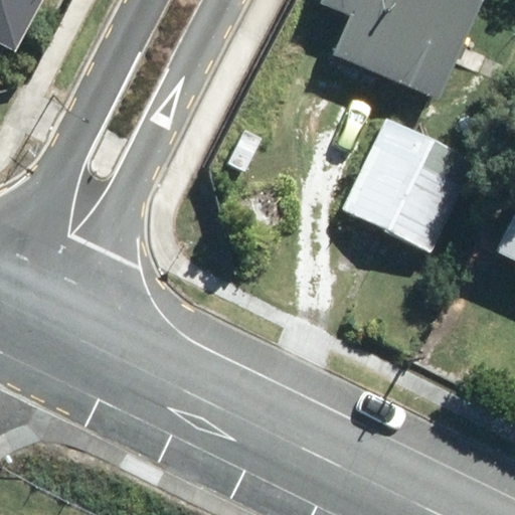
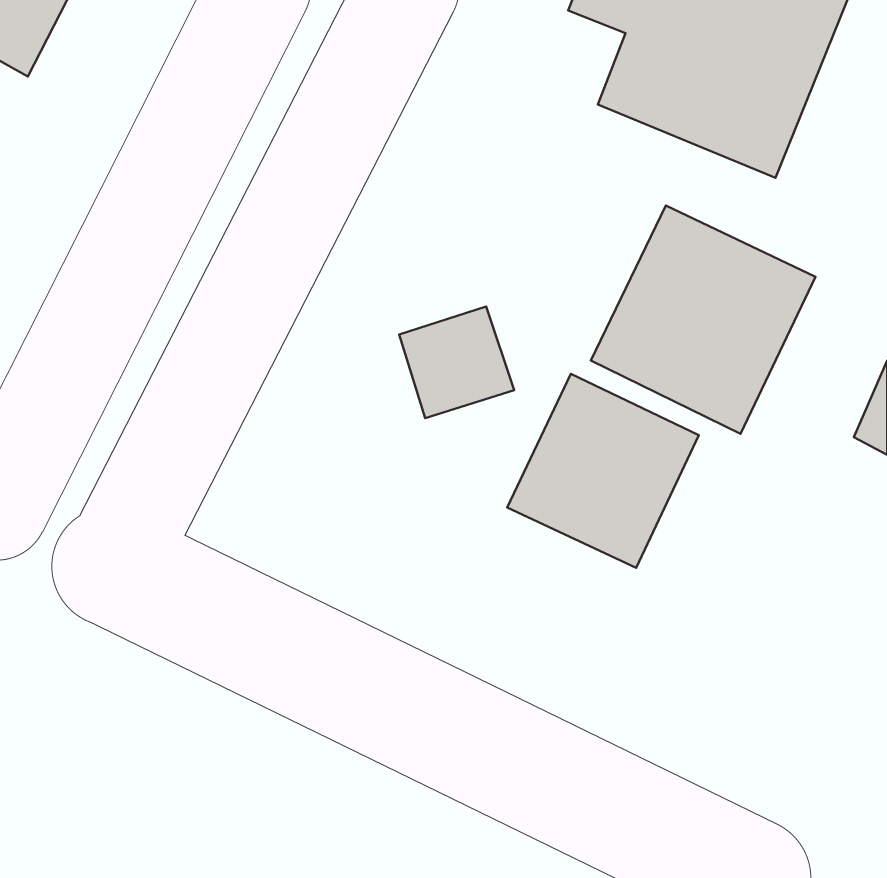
building: none -> [507,374,699,568]

